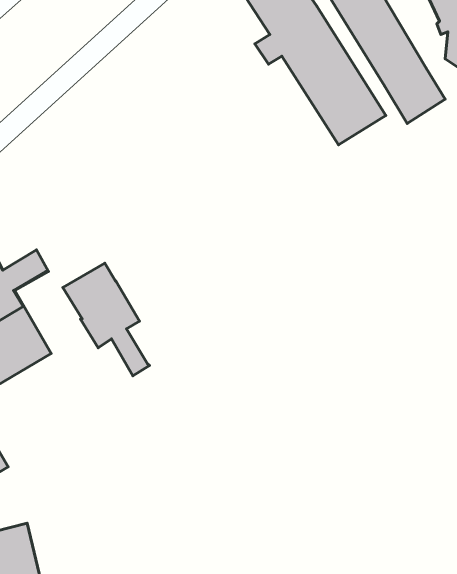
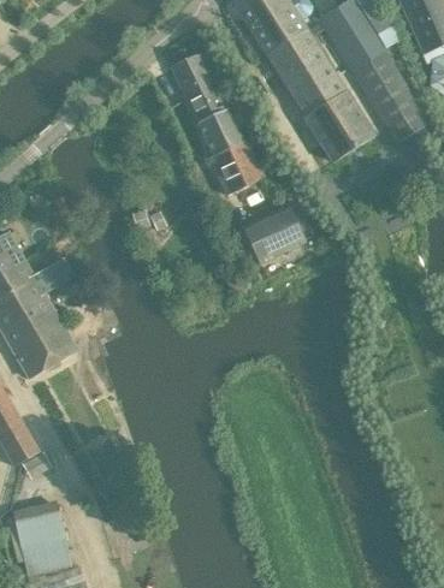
building: none -> [171,53,264,192]
building: none -> [241,204,303,261]
building: [63,263,150,376] -> none

